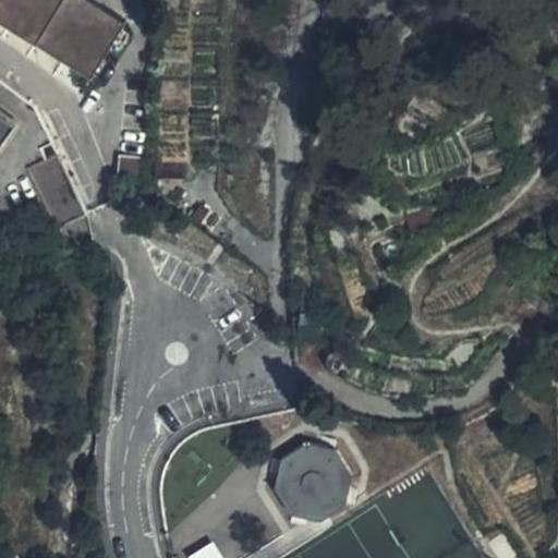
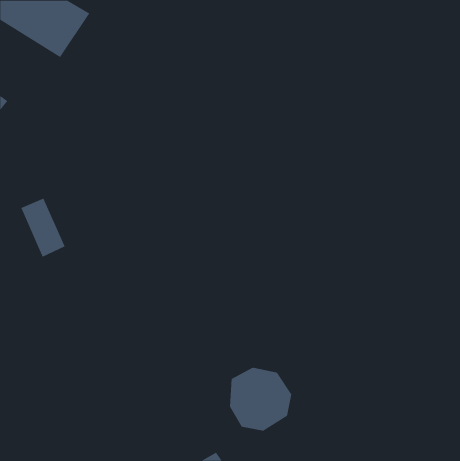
building: [31,153,85,225] -> [21,198,66,257]

